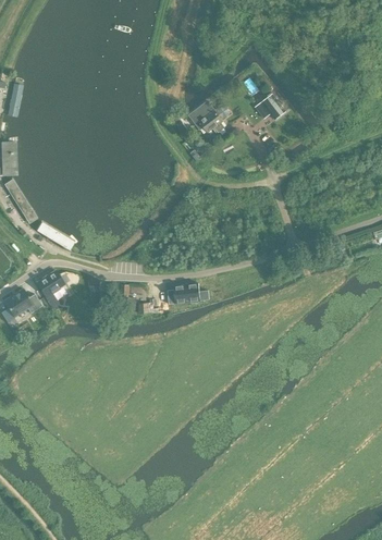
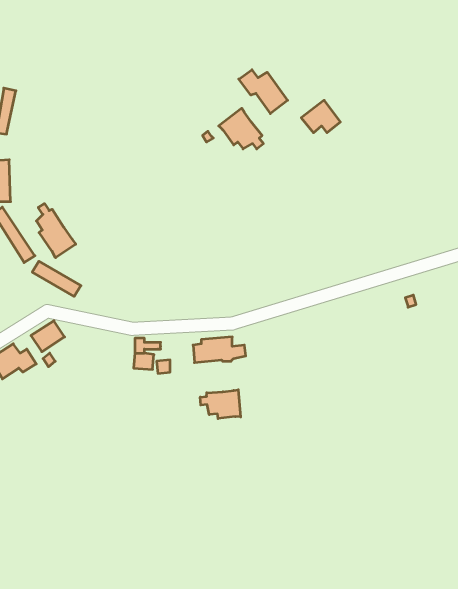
building: none -> [239,70,288,114]
building: none -> [36,204,76,258]
building: none -> [200,390,241,419]

